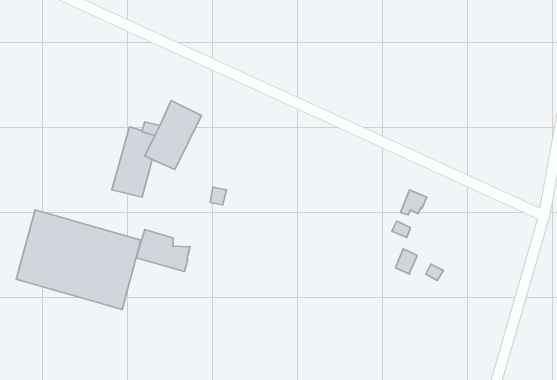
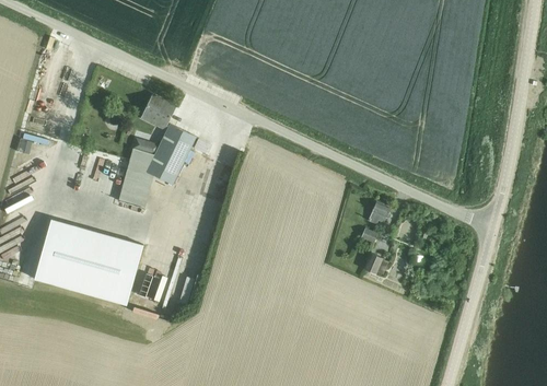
building: none -> [143,95,175,126]
building: [136,230,190,272] -> none

